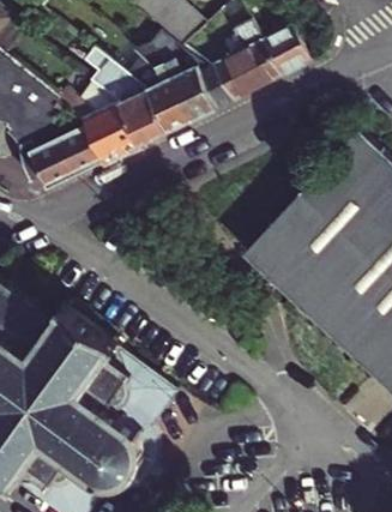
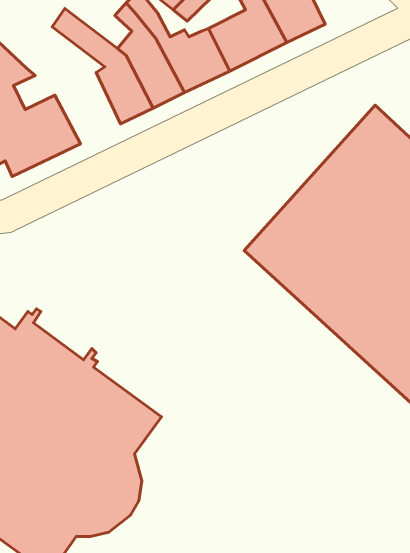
building: [60,77,139,163] -> none

